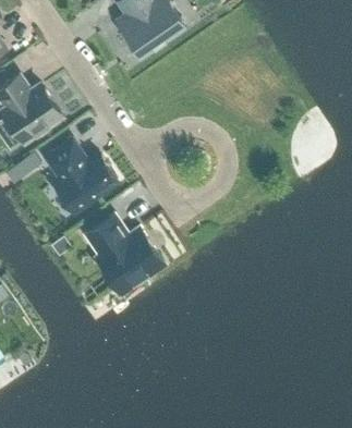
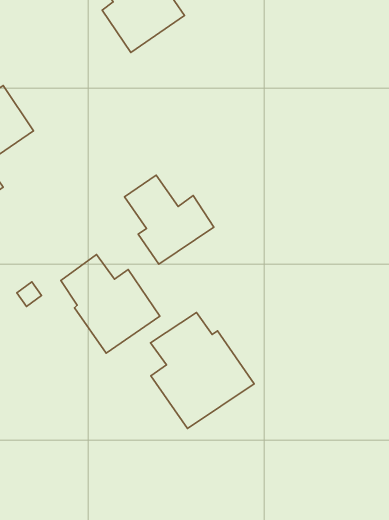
building: [46,140,117,211] -> [125,175,214,264]
building: none -> [151,312,254,429]

